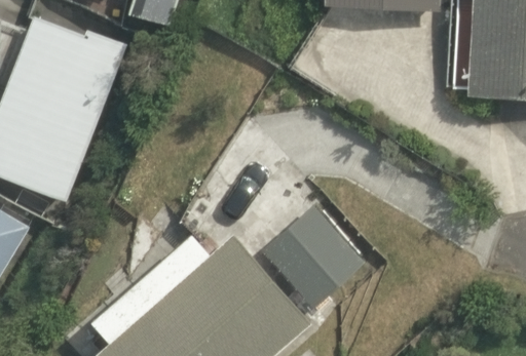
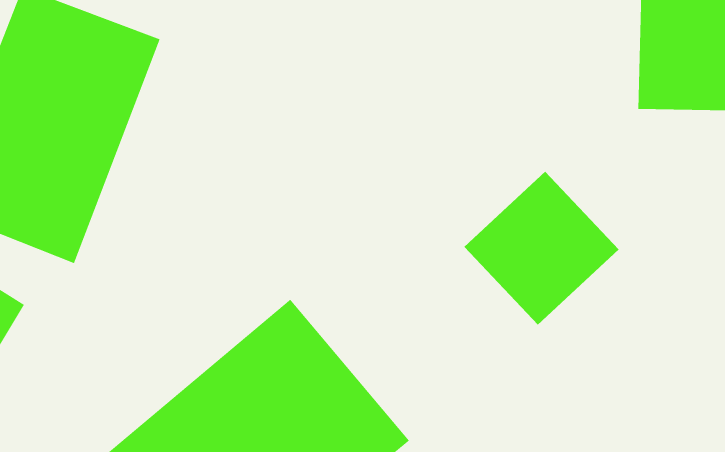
building: [260,202,370,311] -> [464,171,620,325]

